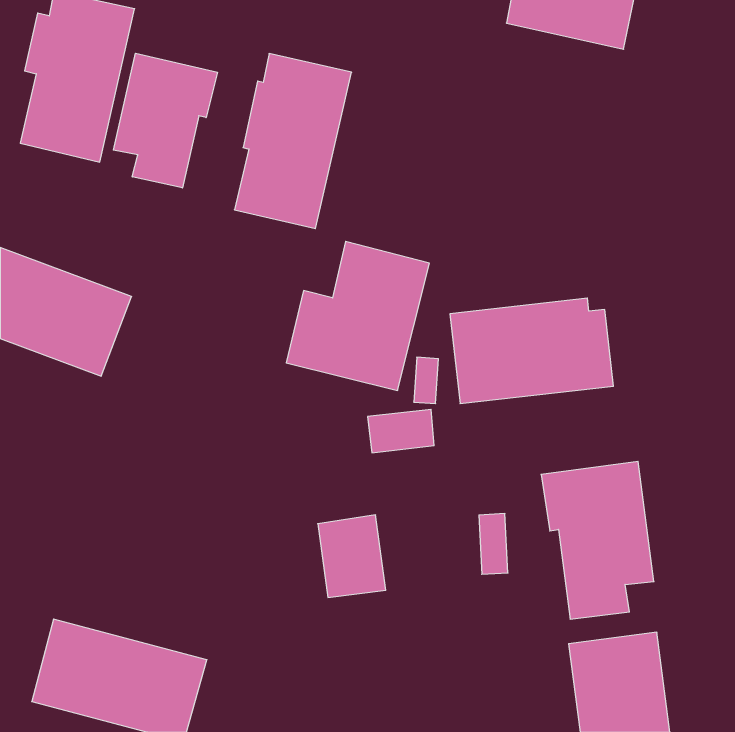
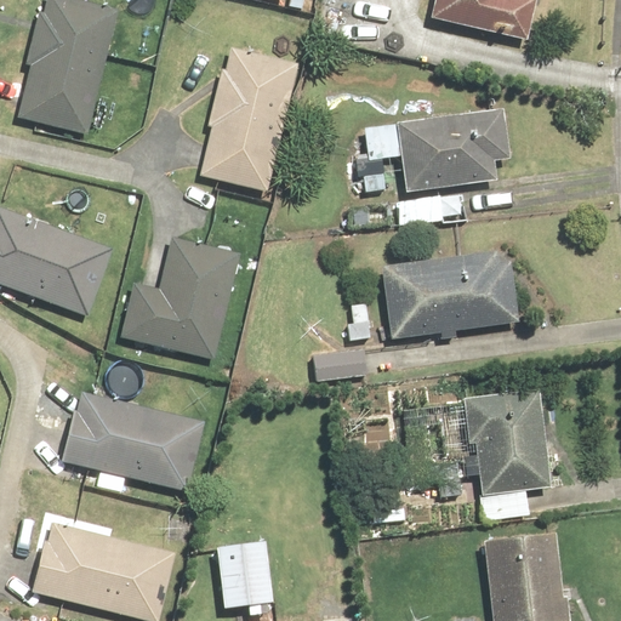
building: [113,53,217,188] -> none
building: none -> [363,108,509,230]
building: [286,241,429,390] -> [120,235,240,360]
building: none -> [64,391,205,496]
building: [318,515,386,597] -> [213,540,270,609]

